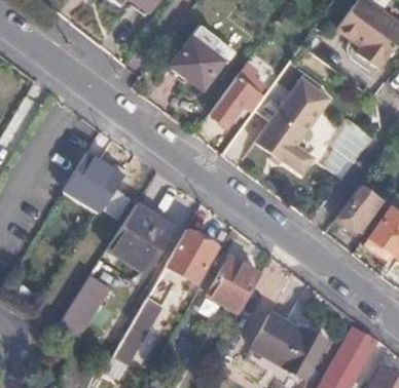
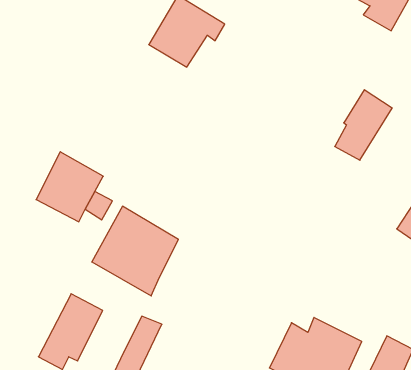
building: [209,77,261,126] -> none
building: [255,78,330,174] -> none
building: [337,187,379,234] -> none
building: [165,230,215,280] -> none
building: [208,257,260,312] -> none

